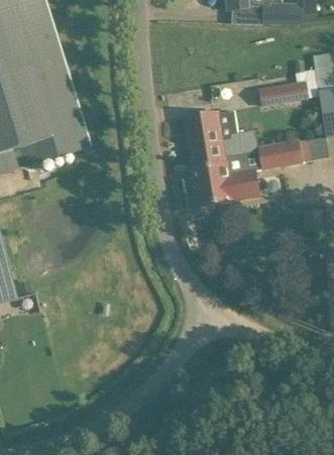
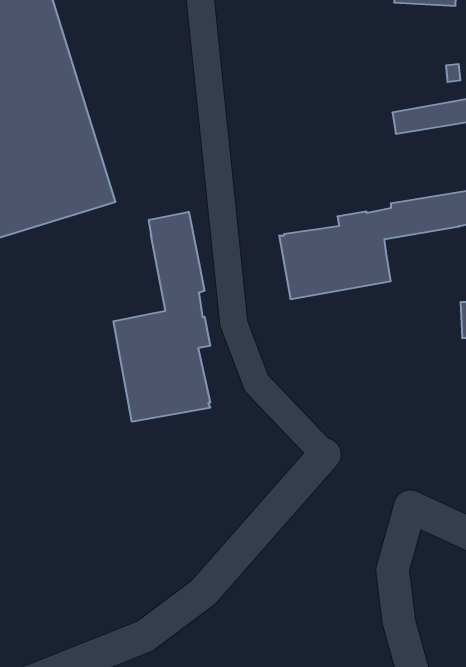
building: [187,110,284,164] -> none
building: none -> [114,212,210,422]

